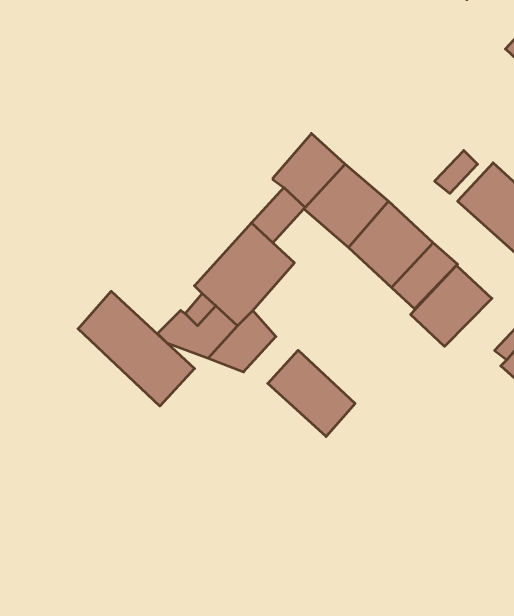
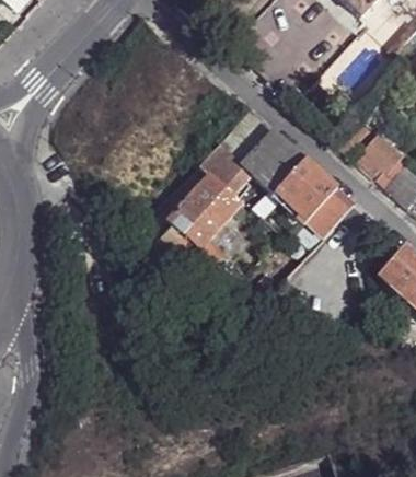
building: [411,265,492,346] -> none
building: [78,291,195,406] -> none
building: [268,350,355,437] -> none

